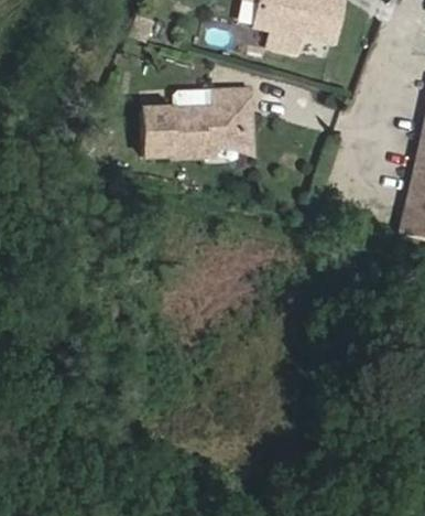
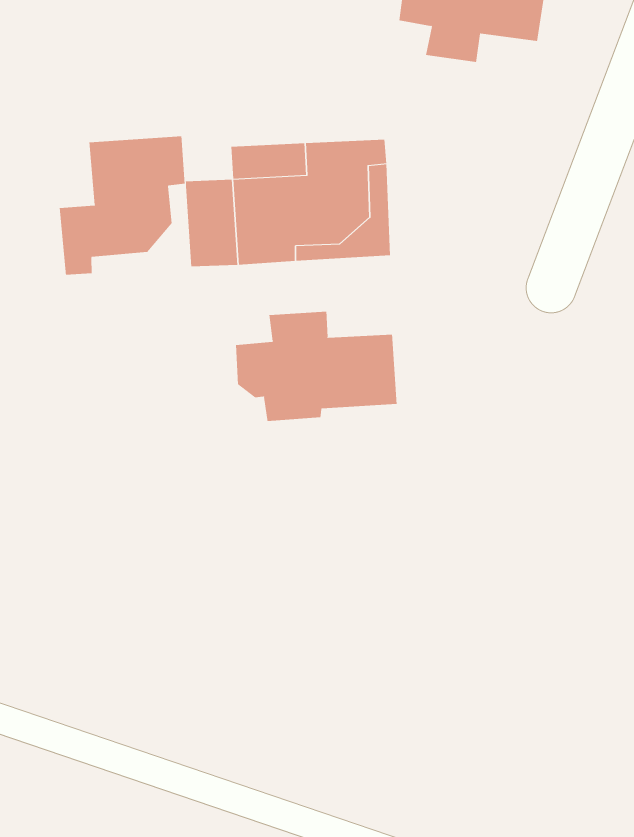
building: none -> [59,135,185,276]
building: none -> [236,311,397,422]

